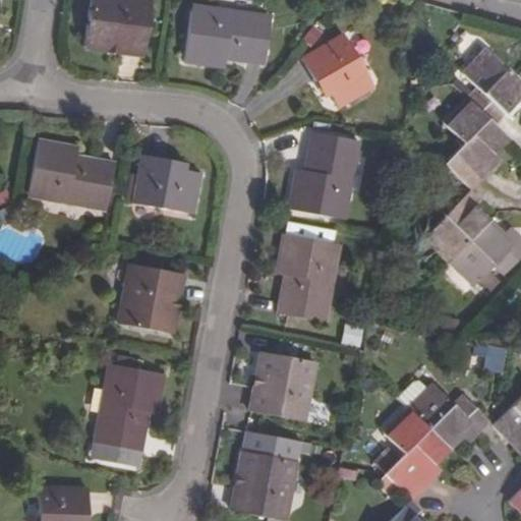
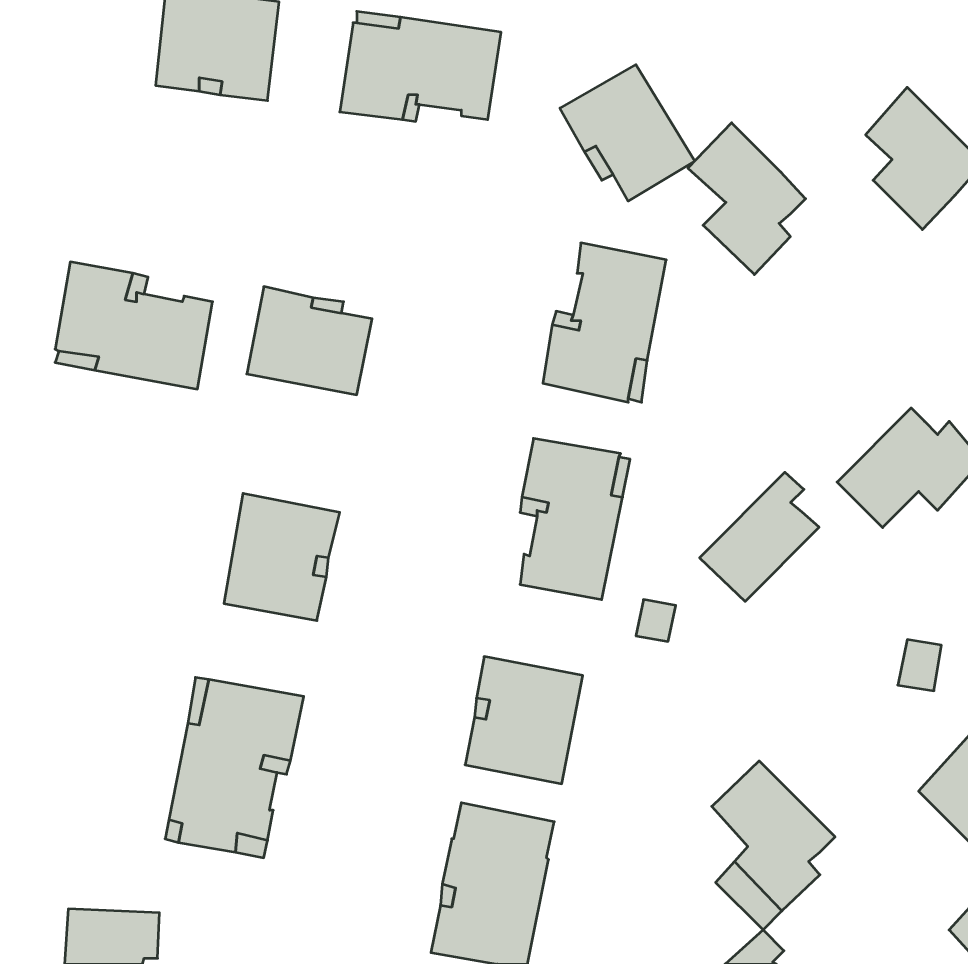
building: [446,97,509,178] -> [688,123,806,275]
building: [425,189,489,258] -> [700,472,819,601]
building: [408,385,488,449] -> none

